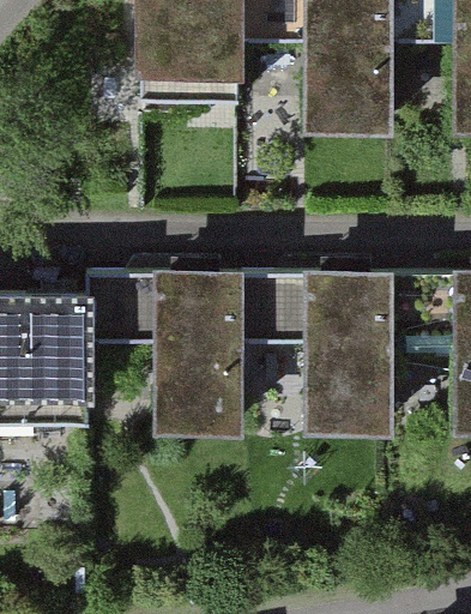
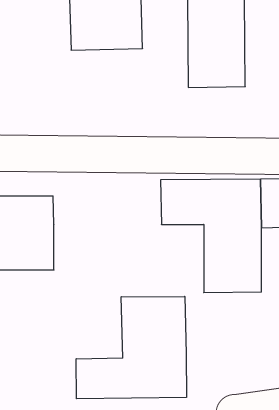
building: [102,271,260,437] -> none
building: none -> [76,296,186,399]

